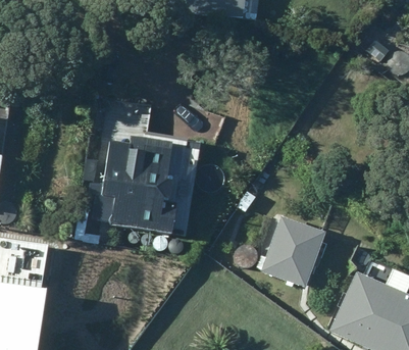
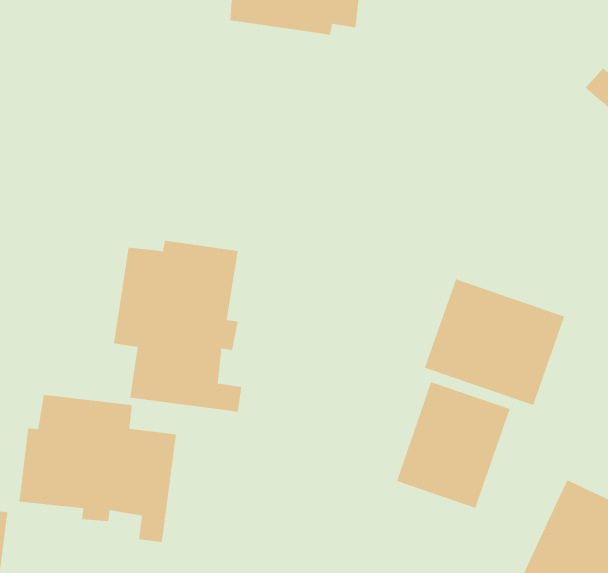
building: none -> [424,278,565,406]
building: none -> [19,394,177,543]

